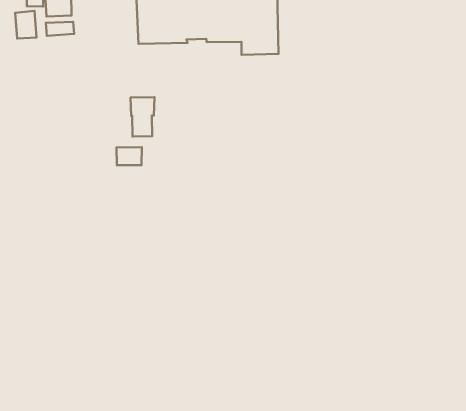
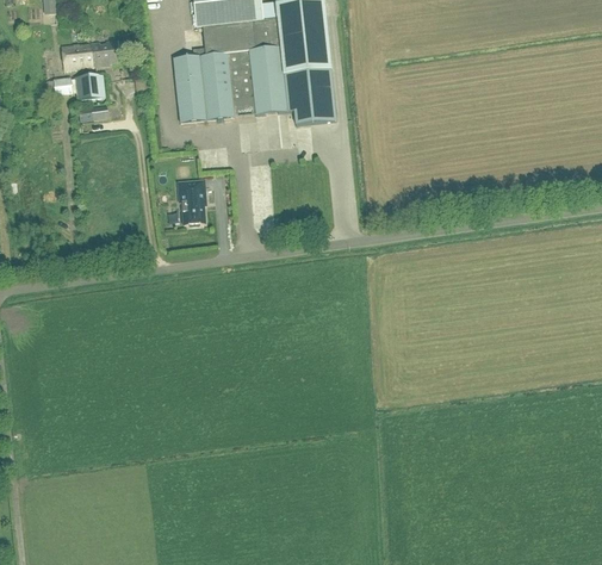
building: [15,11,36,38] -> none
building: [116,147,142,165] -> none

